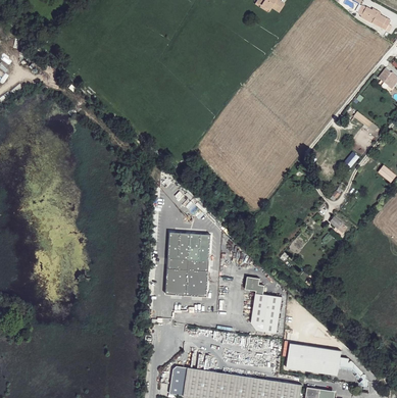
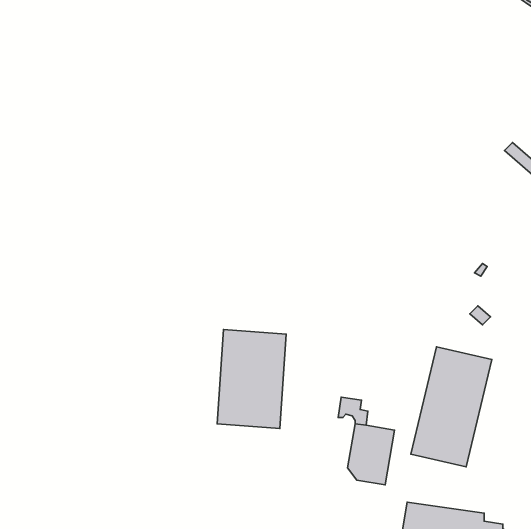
building: none -> [411,347,492,467]

